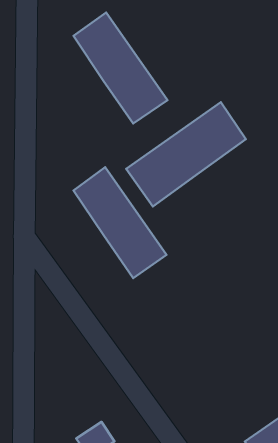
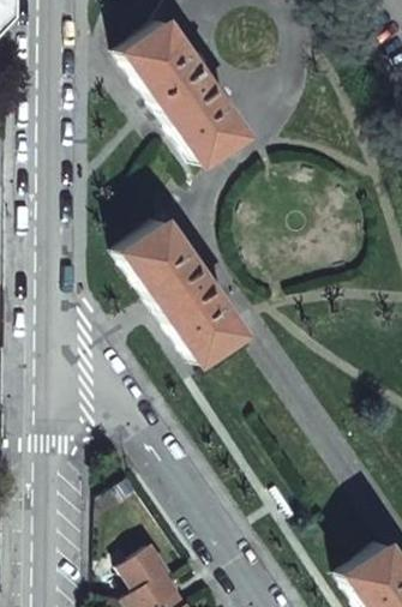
building: [126,102,246,206] -> none

